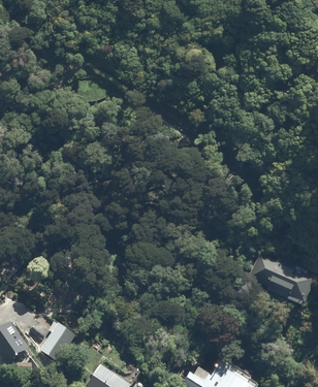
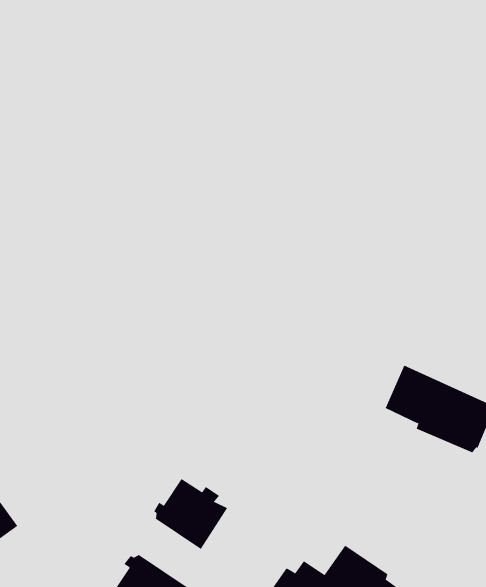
building: none -> [154,478,228,550]
building: [38,323,71,359] -> none

